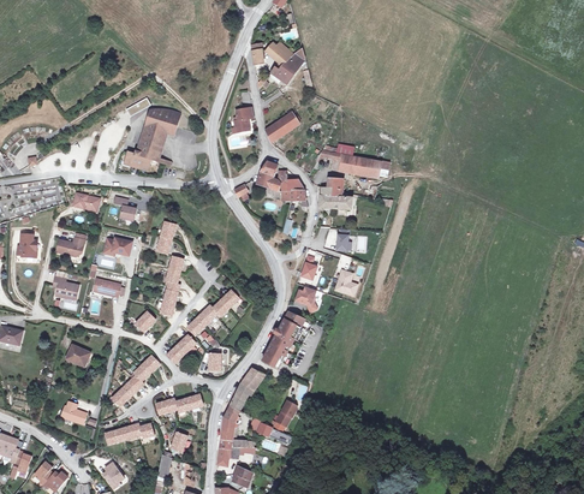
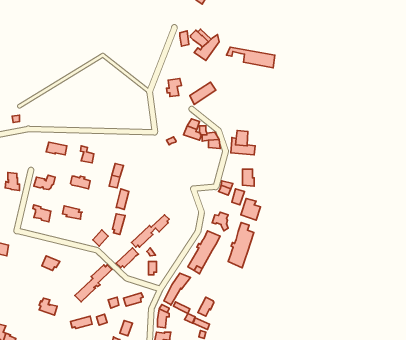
building: [124,108,180,171] -> none
building: [316,150,381,178] -> [226,47,275,68]
building: none -> [228,223,254,268]

